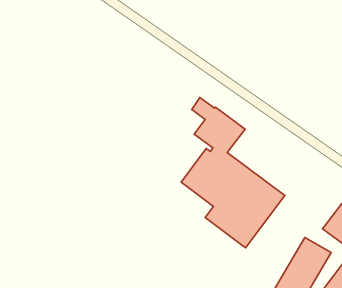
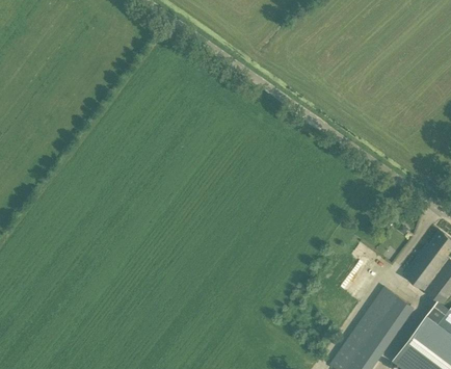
building: [181,98,285,248] -> none

